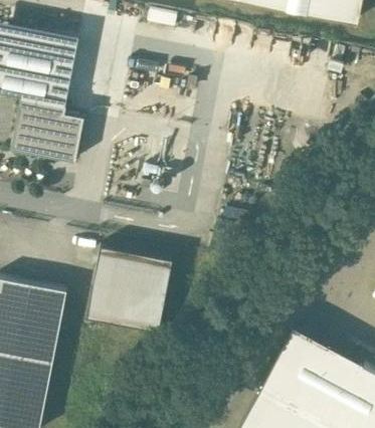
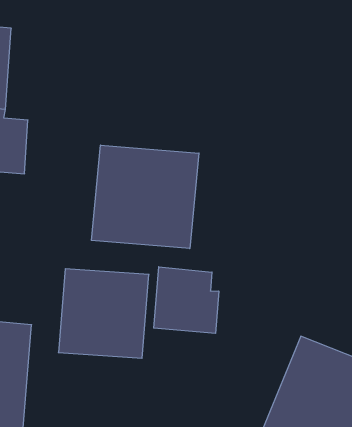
building: none -> [91,145,199,249]
building: none -> [154,267,219,333]

